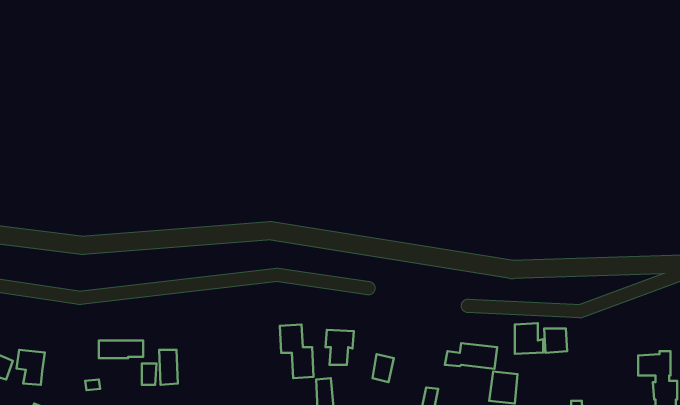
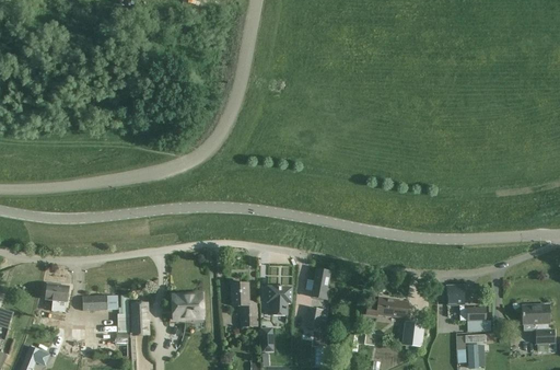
building: none -> [310,267,328,299]
building: [515,323,543,354] -> [465,305,488,331]
building: none -> [170,292,201,319]
building: [17,350,45,385] -> [44,282,67,311]

